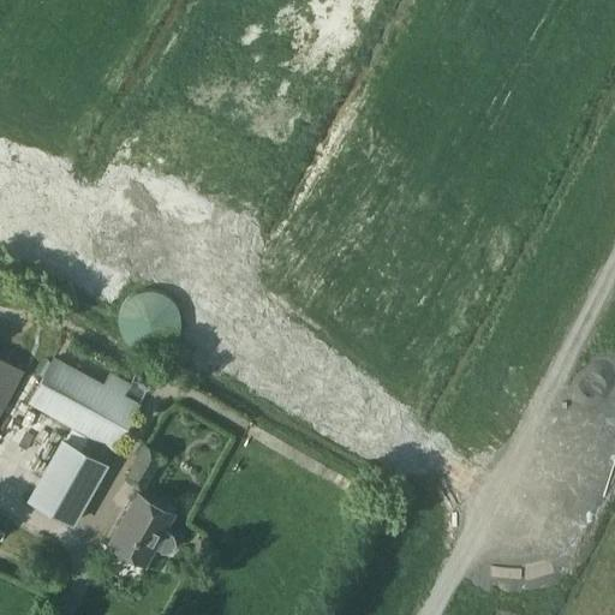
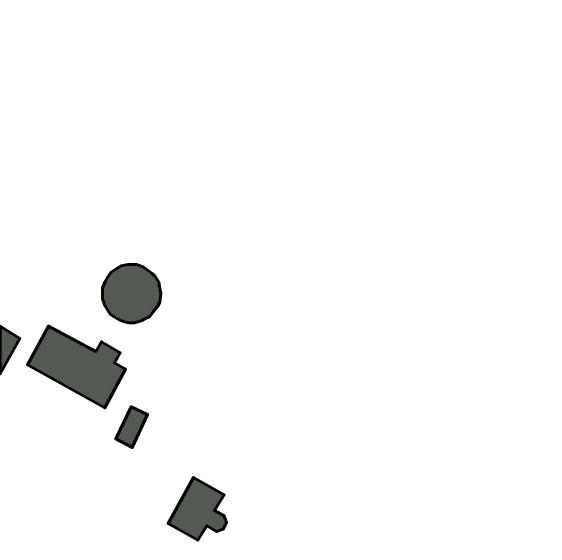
building: [26,440,105,526] -> none
building: [113,495,177,563] -> [168,477,227,540]

